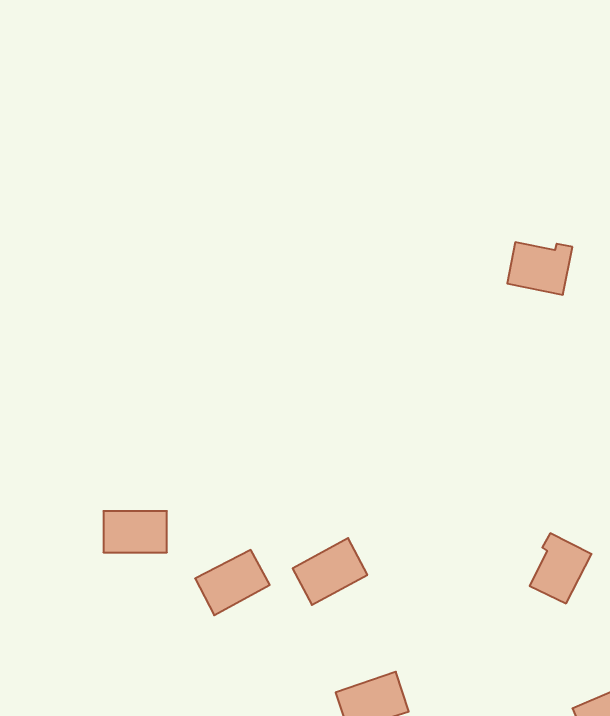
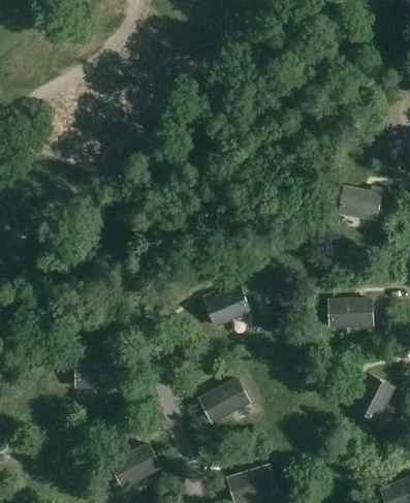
building: none -> [204,287,250,325]
building: none -> [330,298,373,326]
building: [195,550,270,615] -> [112,444,160,486]

